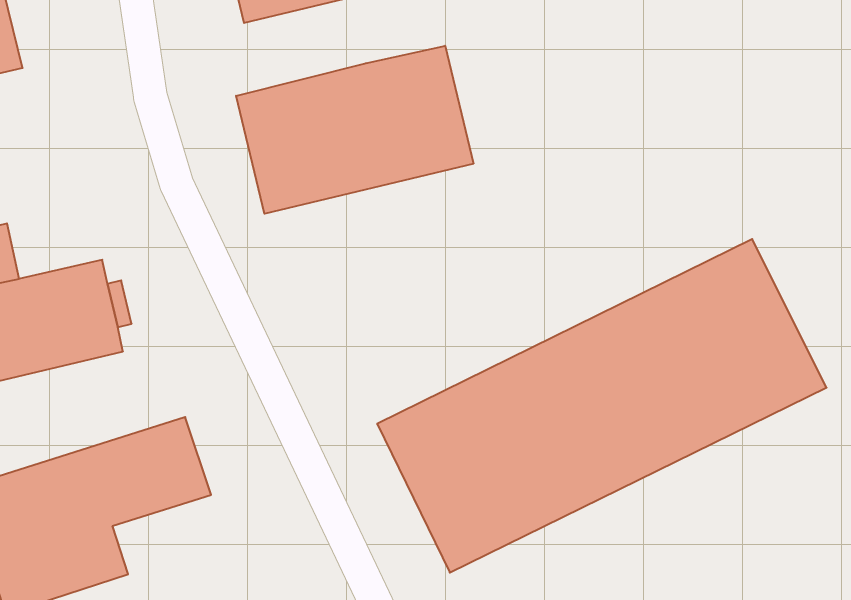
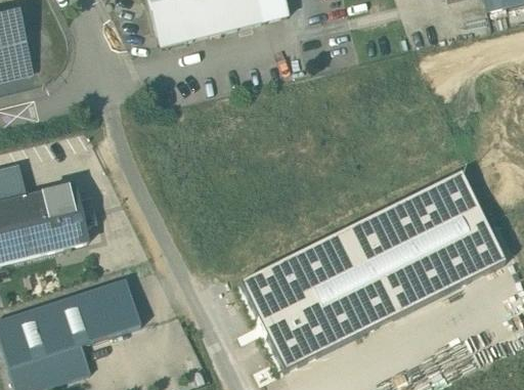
building: [236,46,473,214] -> none

